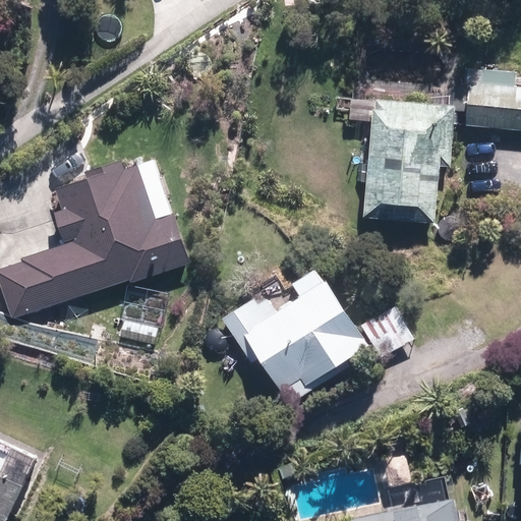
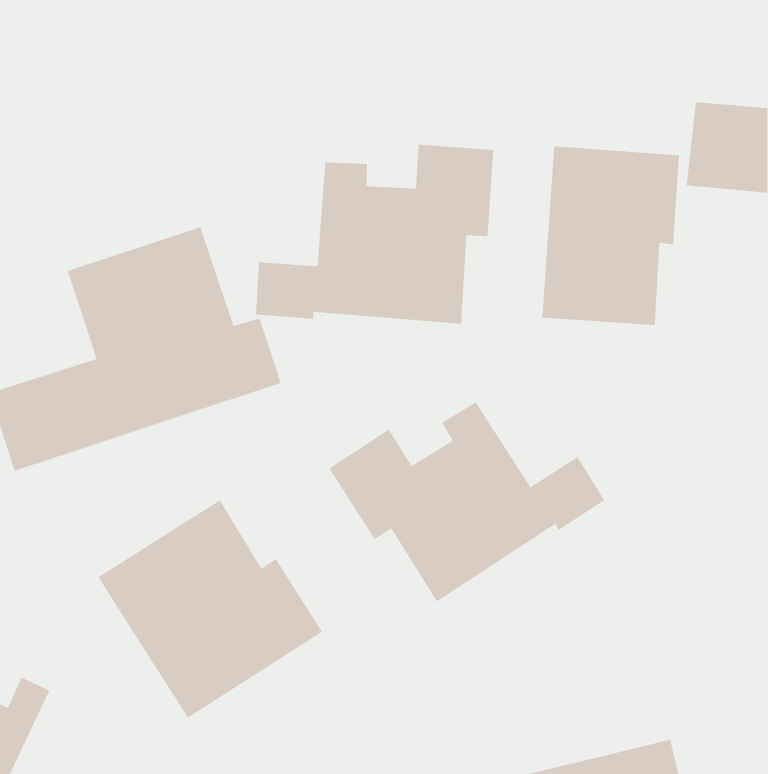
building: none -> [255,144,494,325]
building: none -> [98,499,323,718]

